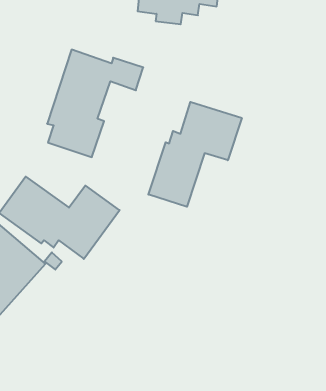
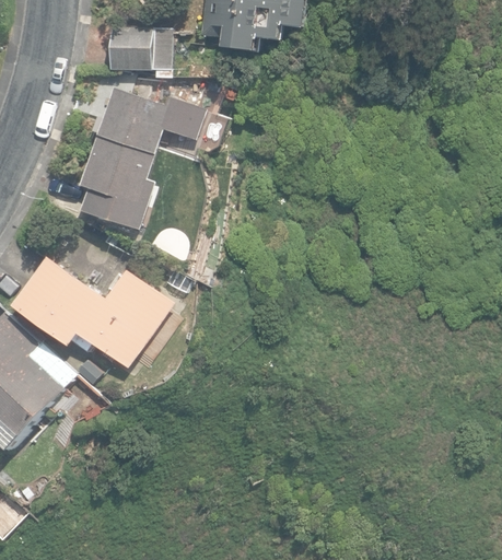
building: none -> [110,28,170,70]
building: [148,102,242,207] -> none

